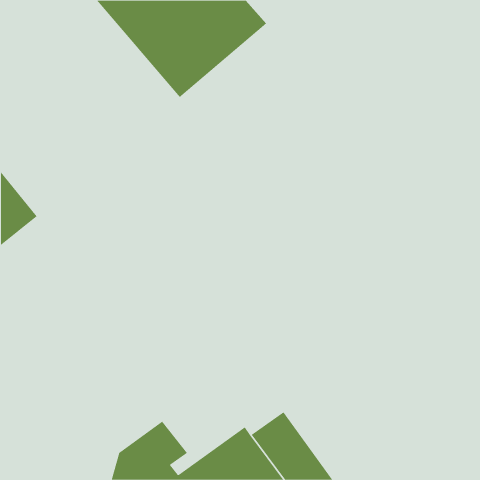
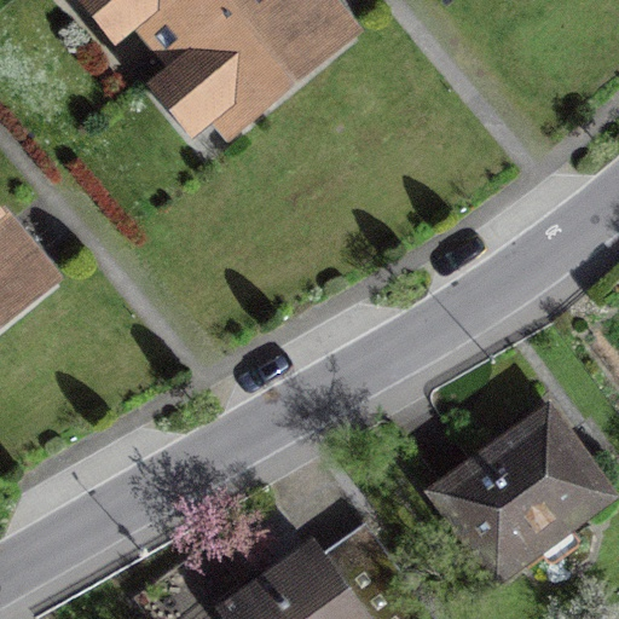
building: none -> [438,413,606,574]

